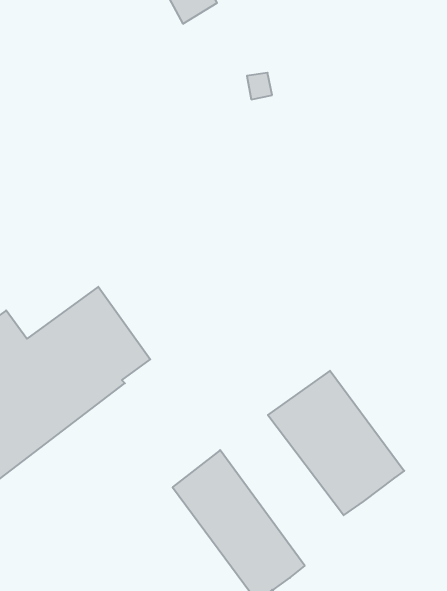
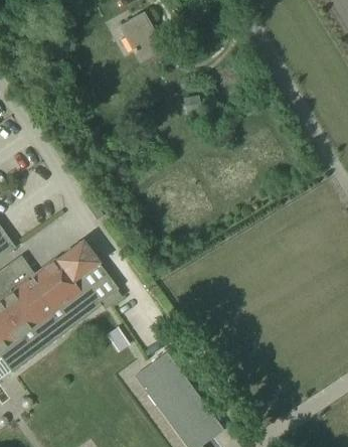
building: [268,371,404,515] -> none

